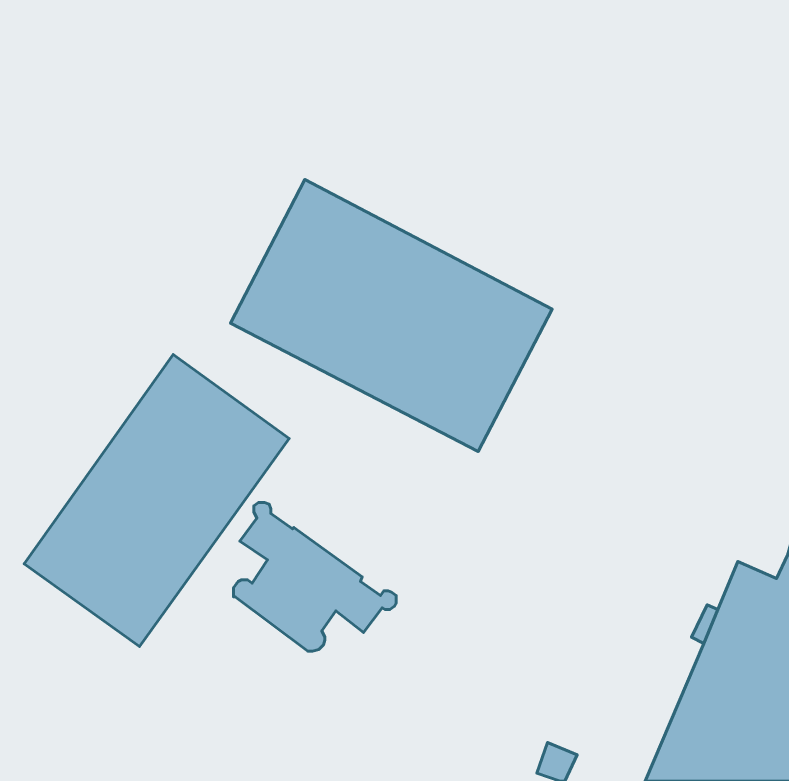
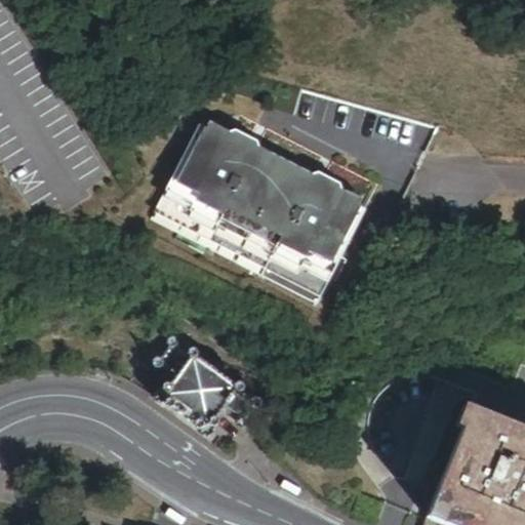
building: [24,355,289,647] -> none

